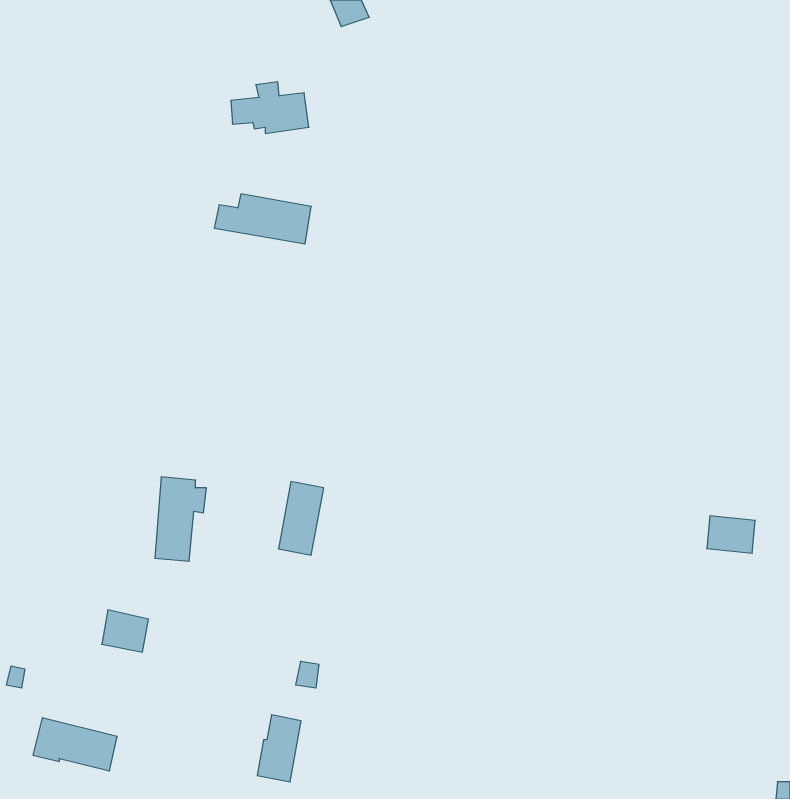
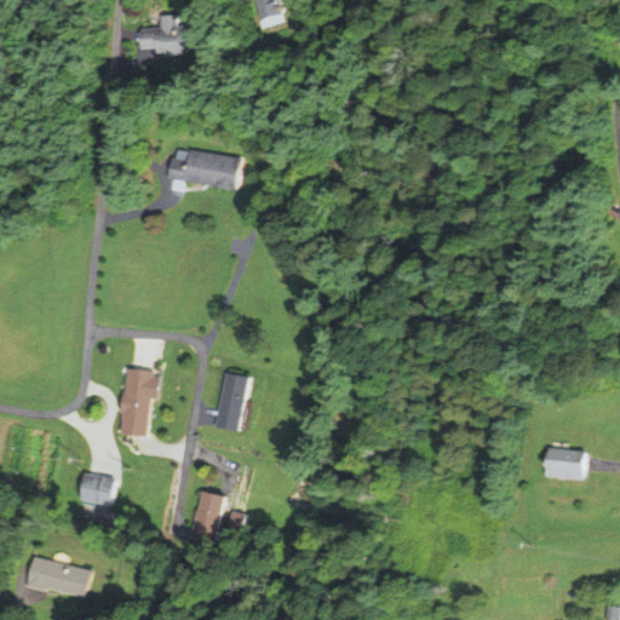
building: [231,82,309,133] -> [138,15,199,54]
building: [707,516,755,553] -> [542,448,580,477]
building: [257,715,301,782] -> [193,490,226,542]

